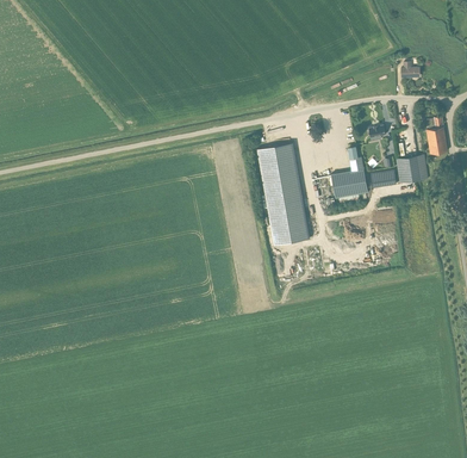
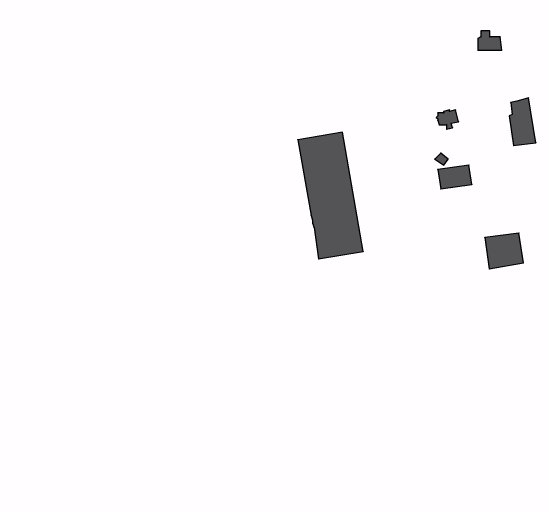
building: [331,148,368,198] -> none
building: [397,155,428,184] -> [485,233,523,269]

